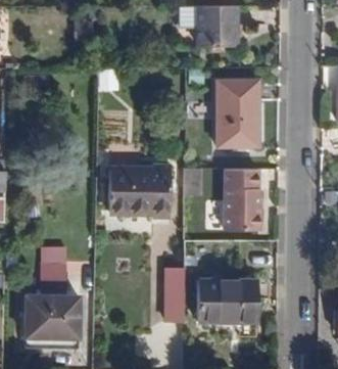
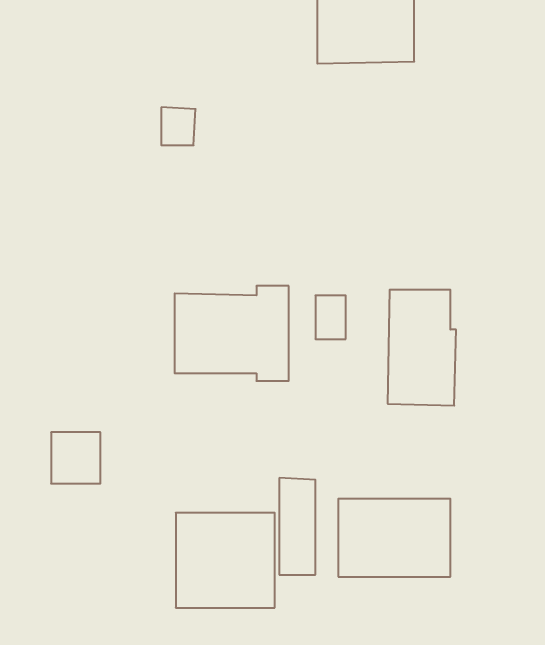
building: [216,81,258,148] -> none
building: [26,297,79,349] -> [176,513,275,608]

